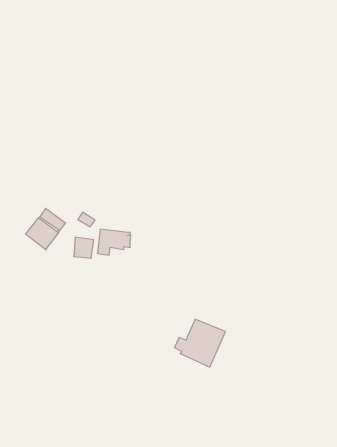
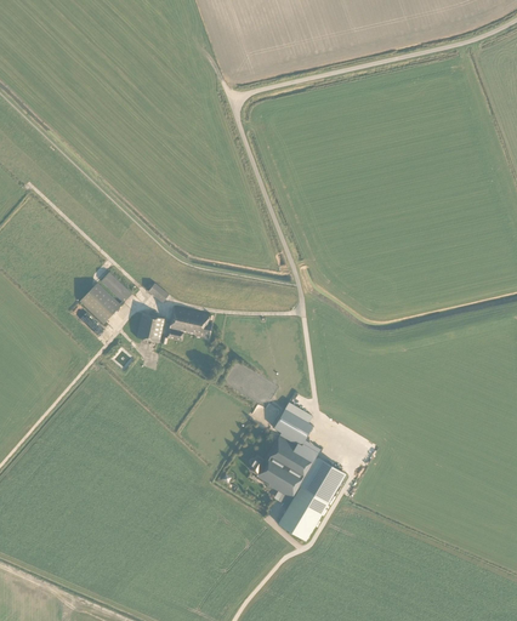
building: none -> [274,408,313,443]
building: none -> [278,456,346,539]

